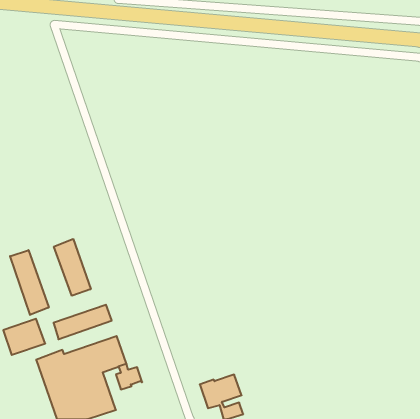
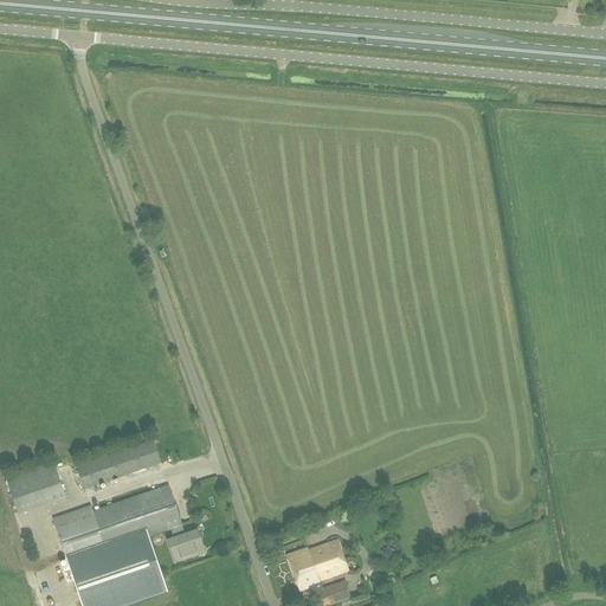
building: [54,239,91,296] -> none
building: [10,250,49,315] -> none

